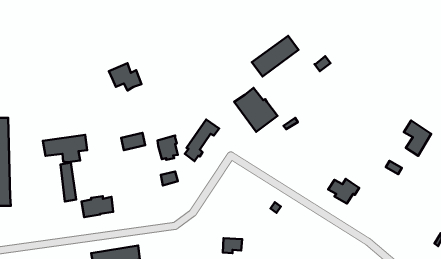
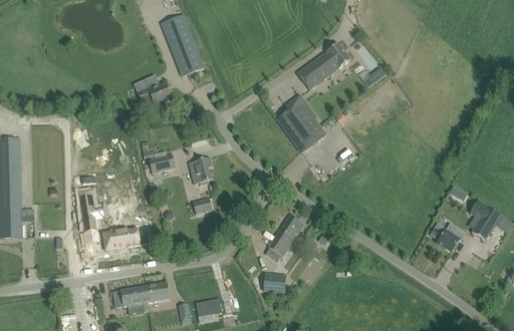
building: none -> [160,13,204,76]
building: [185,120,219,161] -> [265,214,304,261]
building: [404,121,431,156] -> [469,200,500,240]
building: [43,135,87,162] -> none
building: [328,179,359,204] -> [430,223,465,251]

